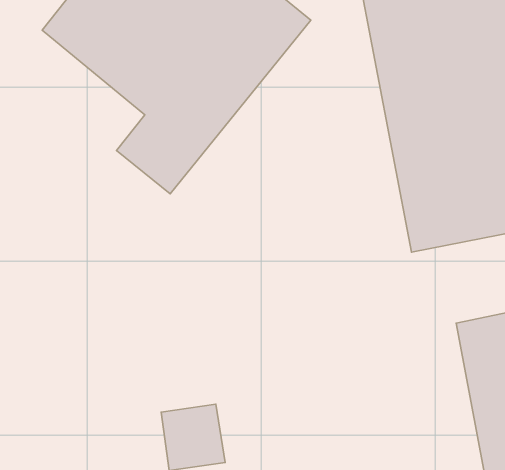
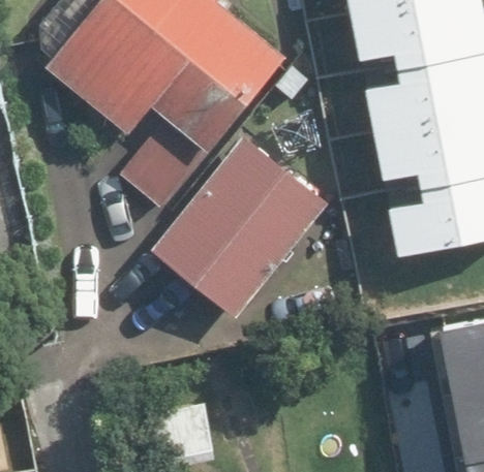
building: none -> [158,136,331,313]

